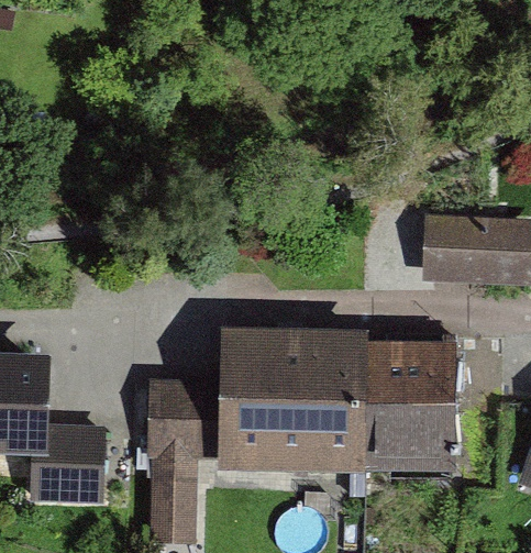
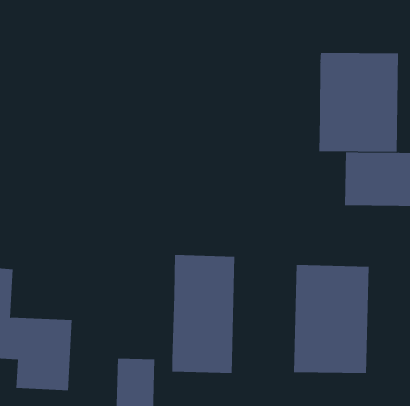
building: none -> [319,52,399,152]
building: [292,334,369,477] -> none
building: [147,379,221,460] -> none

